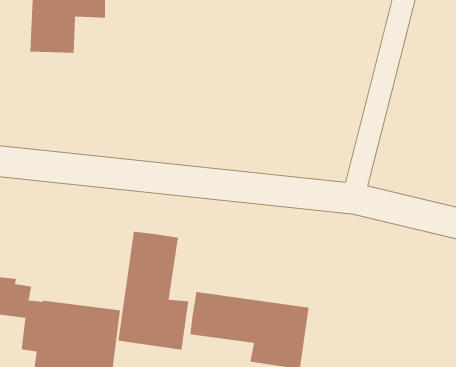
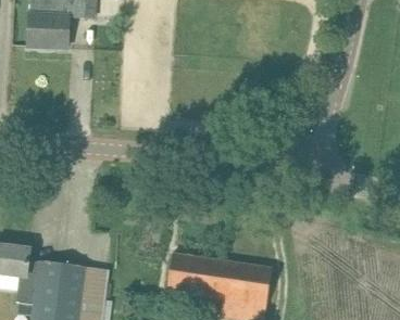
building: [117,231,189,351] -> none

